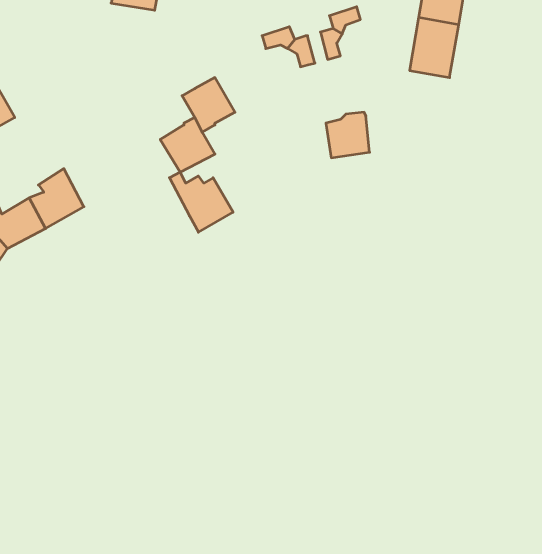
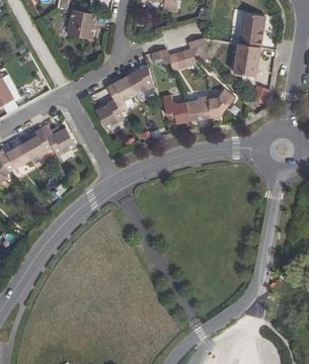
building: none -> [125,64,154,95]
building: none -> [209,88,236,117]
building: none -> [162,94,189,122]
building: [169,172,233,232] -> [41,123,76,157]

